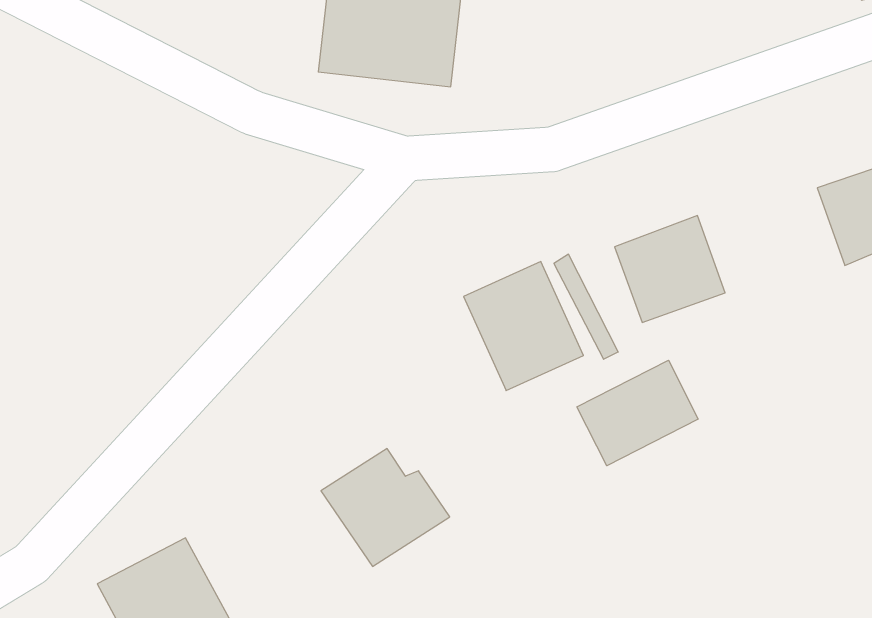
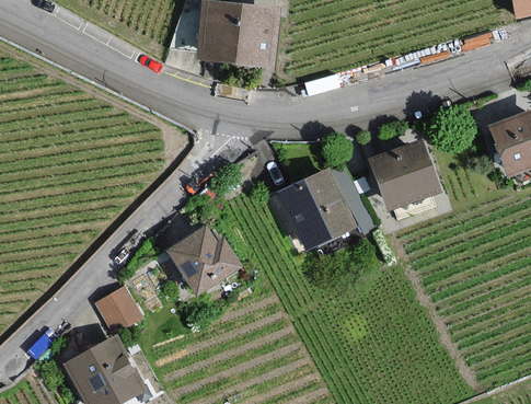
building: [577,360,698,466] -> none
building: [321,449,450,566] -> [165,226,242,296]
building: none -> [94,286,142,335]

